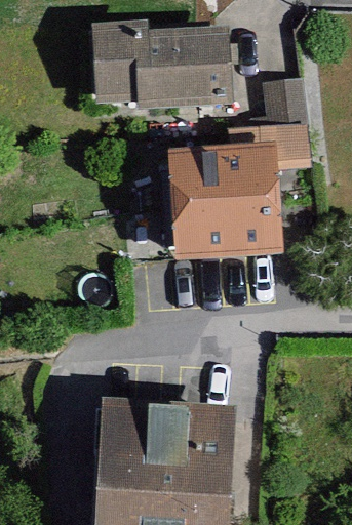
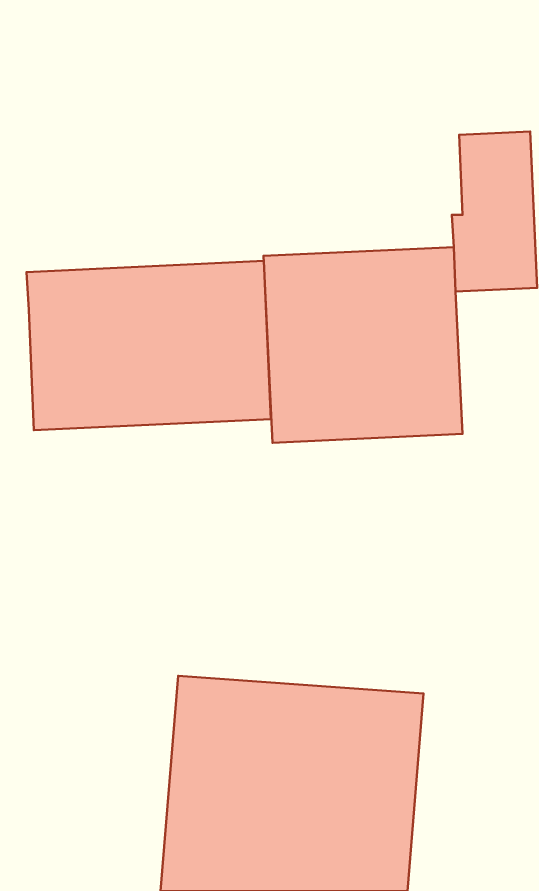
building: [90,28,230,107] -> none
building: none -> [27,261,271,430]

